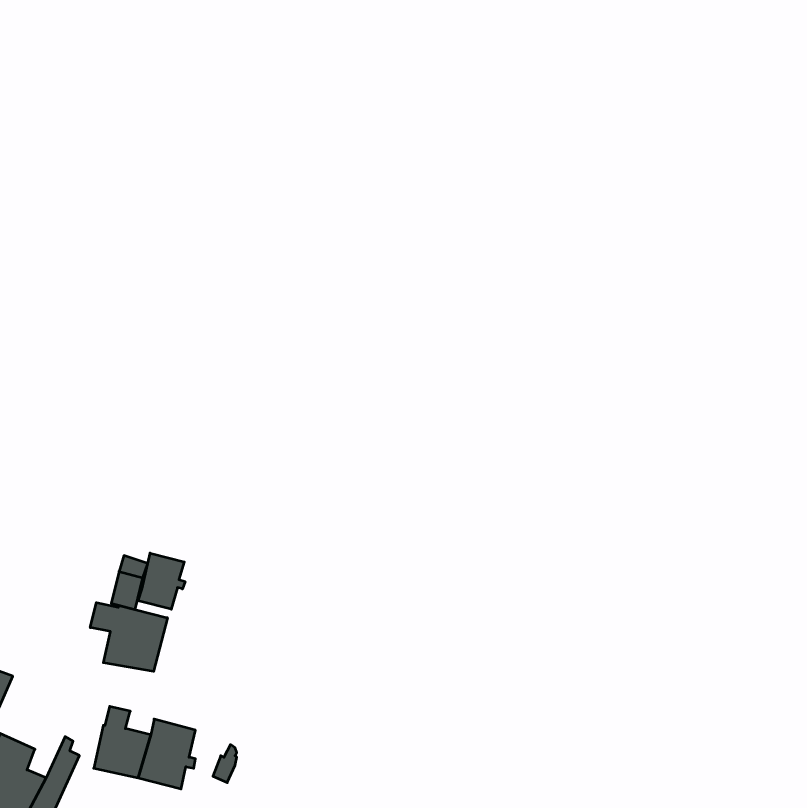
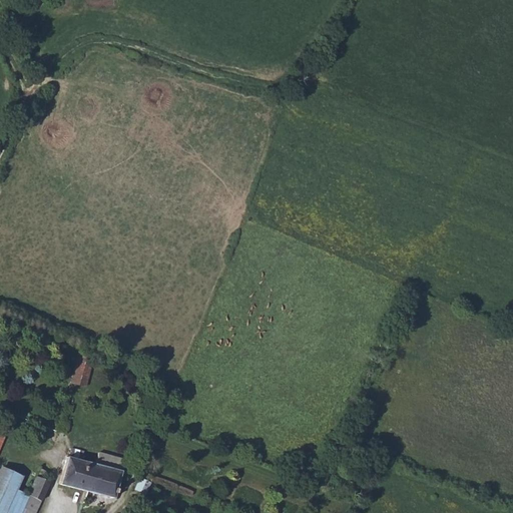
building: [138,553,185,609] -> none
building: [90,603,167,671] -> none

